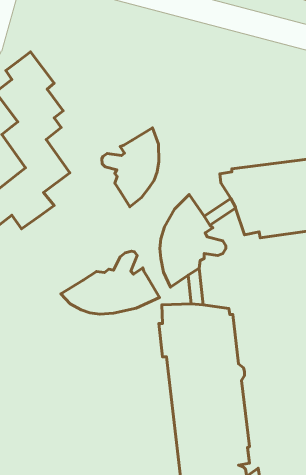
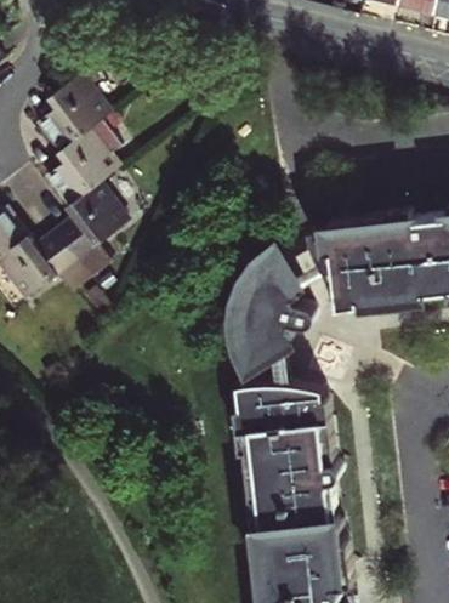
building: [102,128,159,207] -> none
building: [61,251,159,314] -> none

